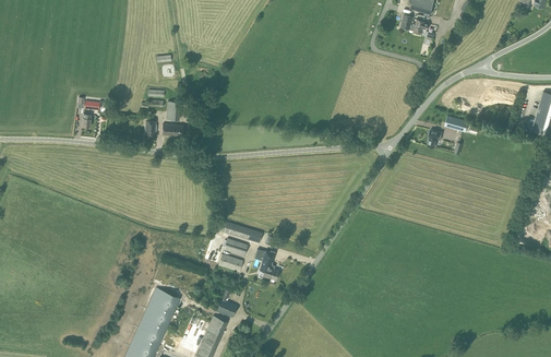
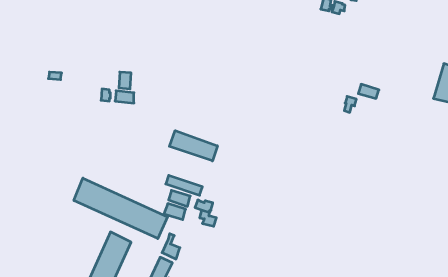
building: none -> [169,131,217,161]
building: none -> [74,178,168,239]

